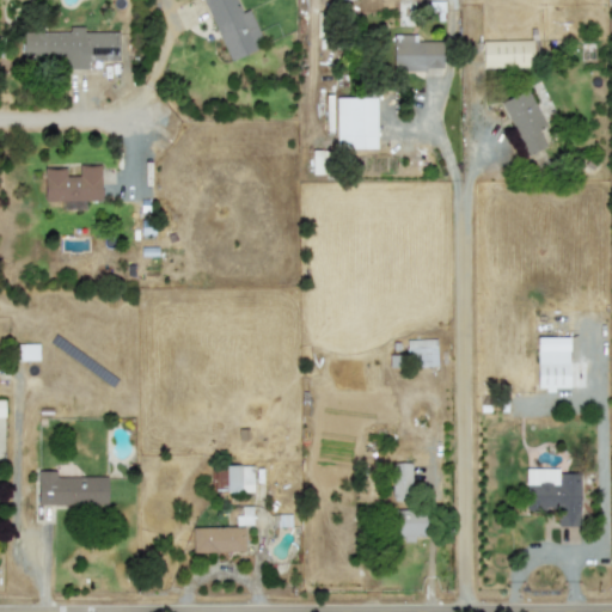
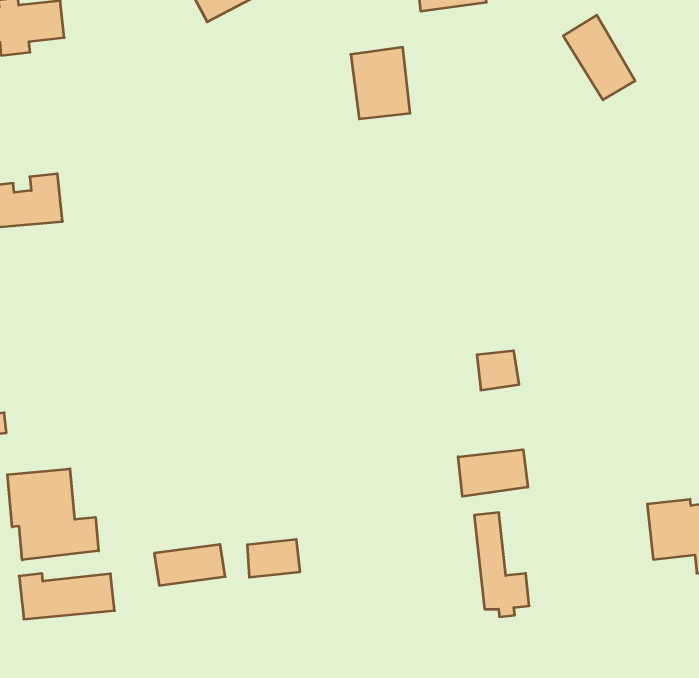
building: [539,337,571,390] -> none
building: none -> [7,469,99,560]
building: none -> [458,450,528,496]
building: [195,526,247,552] -> [154,544,225,585]

